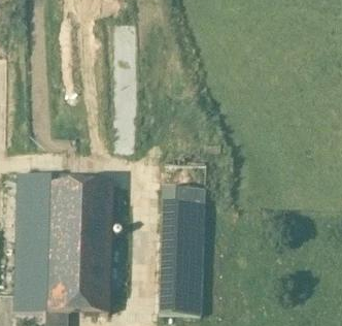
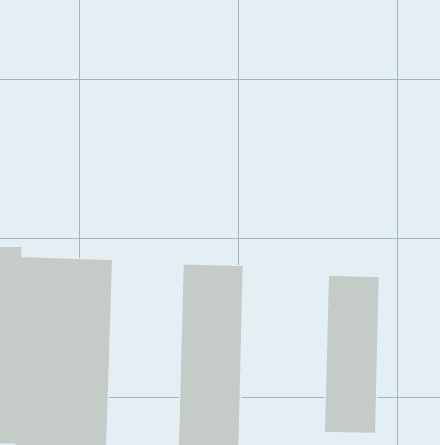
building: none -> [325,275,379,434]

